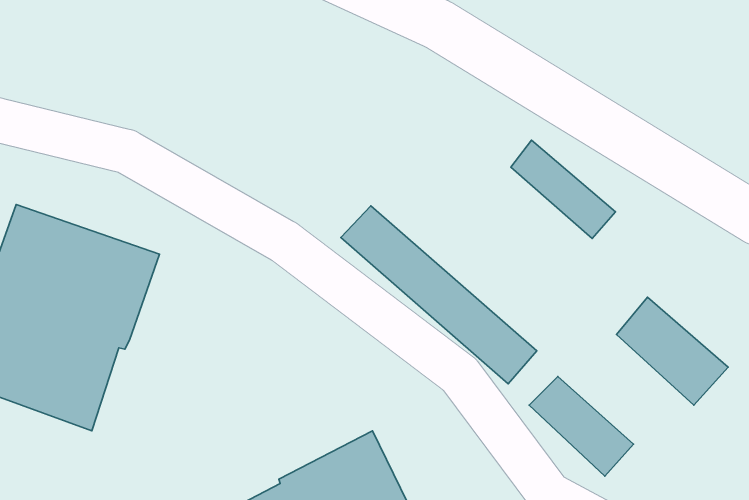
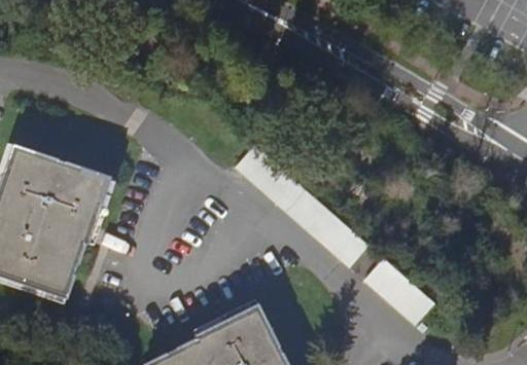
building: [511,140,616,239] -> none
building: [617,297,728,405] -> none

